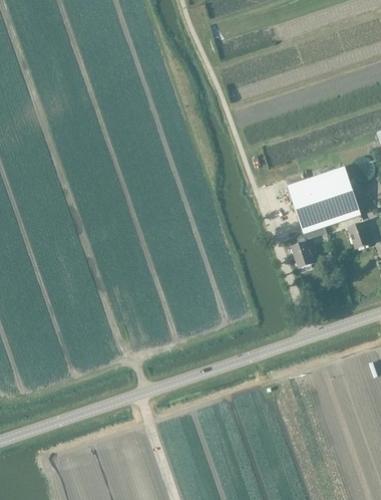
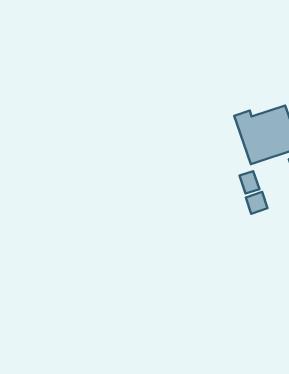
building: none -> [246,192,268,214]

